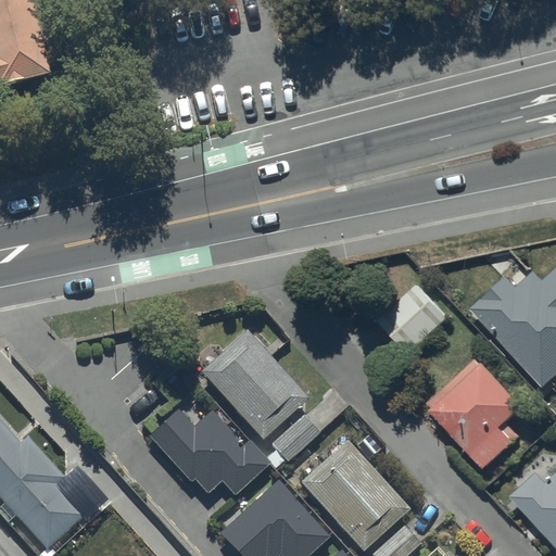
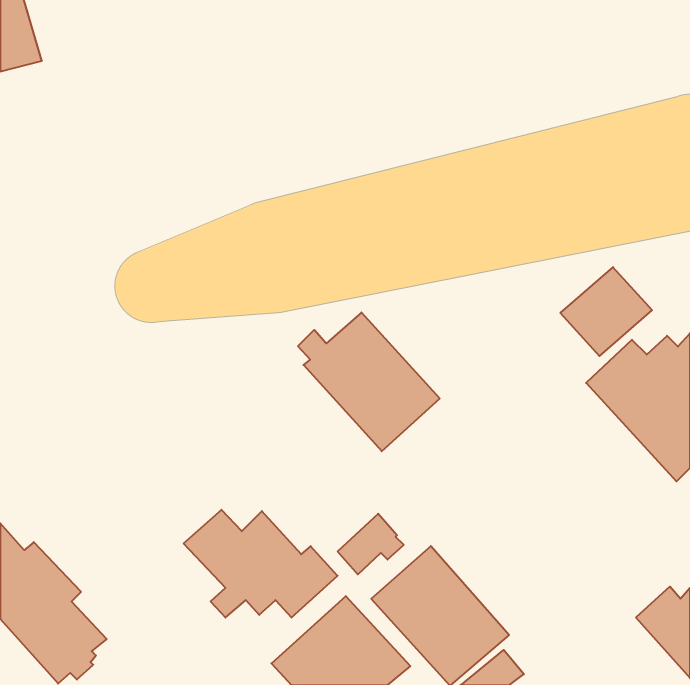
building: [378,282,452,354] -> [560,267,652,356]
building: [195,330,309,442] -> [298,312,440,451]
building: [426,357,527,470] -> none

